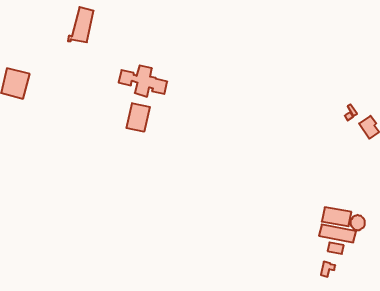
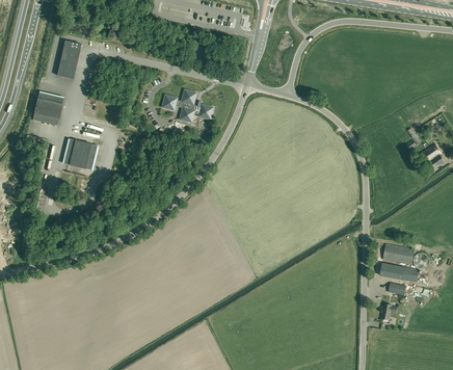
building: [68,7,94,42] -> [53,39,81,78]
building: [126,103,150,132] -> none
building: none -> [62,136,98,168]

